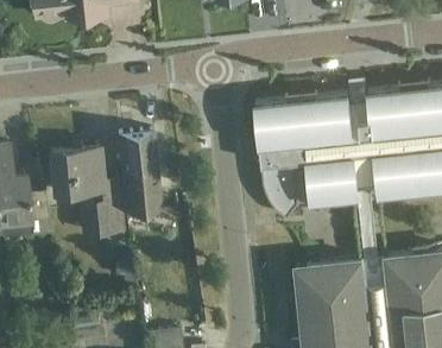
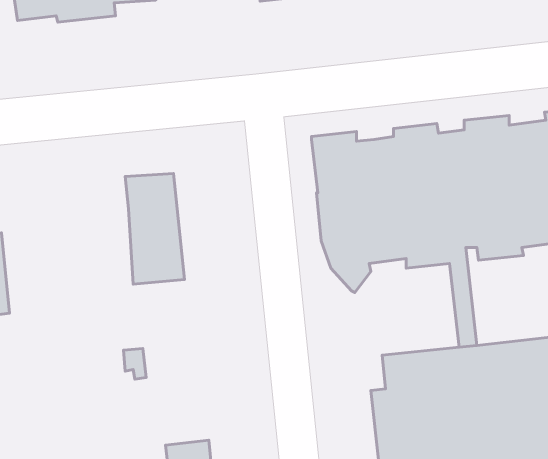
building: [49,144,121,232] -> none

